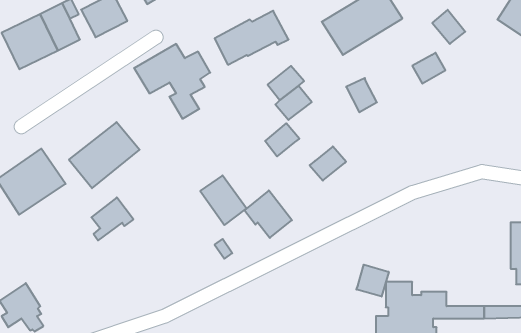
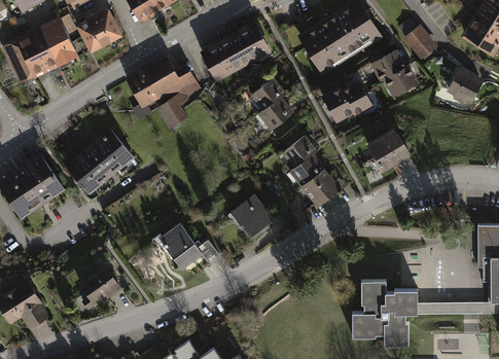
building: none -> [372,51,404,81]
building: none -> [449,71,482,104]
building: none -> [343,85,371,116]
building: none -> [367,133,406,168]
building: [265,123,299,156] -> [284,137,316,168]
building: none -> [301,170,337,206]
building: [200,175,247,225] -> [159,224,203,271]
building: [91,197,133,240] -> [81,268,120,309]
building: [356,265,389,297] -> none

